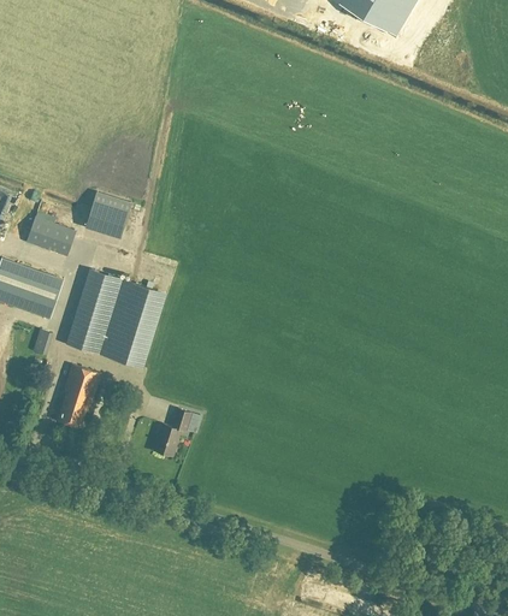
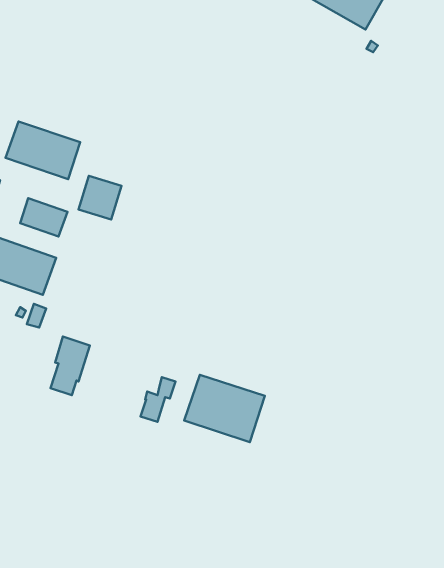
building: none -> [5,122,80,179]
building: [65,268,154,363] -> none
building: none -> [184,375,265,442]

